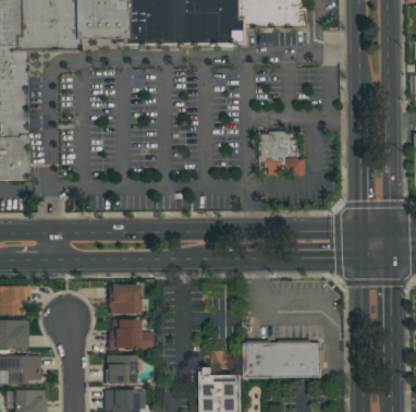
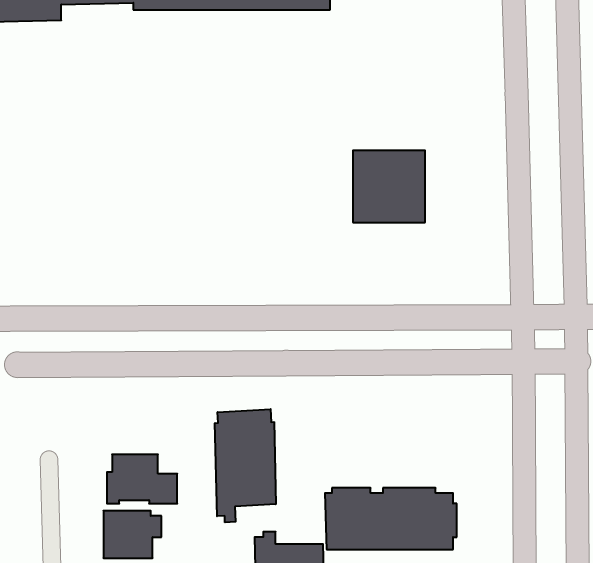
building: [107,283,138,314] -> none
building: none -> [215,409,276,522]

